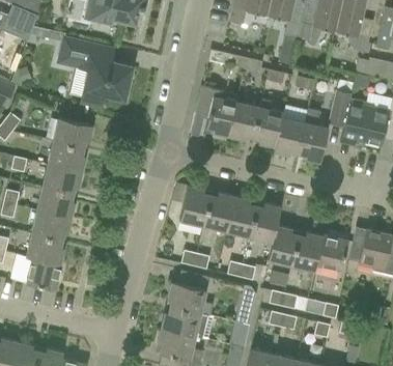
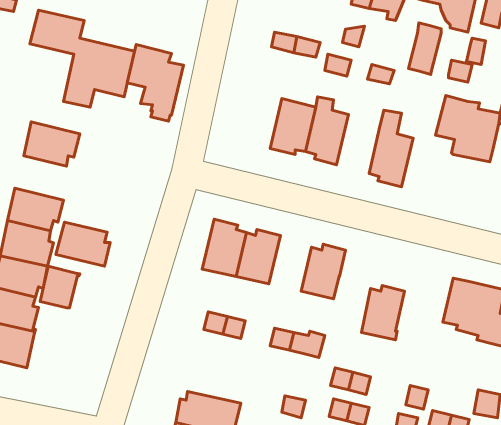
building: [196,86,235,140] -> [127,45,183,121]
building: [328,91,350,128] -> [409,23,441,74]
building: [273,112,304,156] -> none
building: [48,141,86,172] -> [56,222,110,266]
building: [226,197,256,236] -> none
building: none -> [40,266,80,308]
building: [268,225,298,265] -> none
building: [315,234,348,271] -> none
building: [167,271,213,315] -> none

